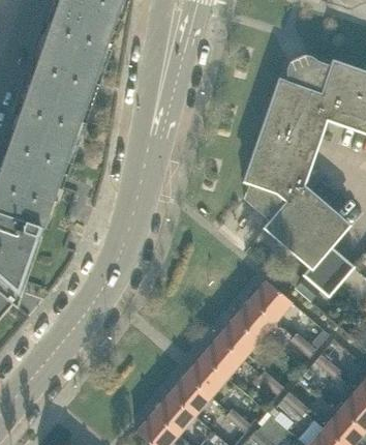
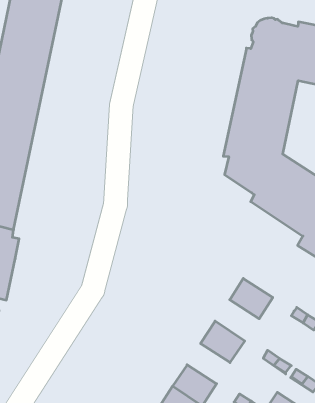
building: [248,279,291,321] -> none
building: [216,318,258,359] -> none
building: [184,356,225,396] -> none

